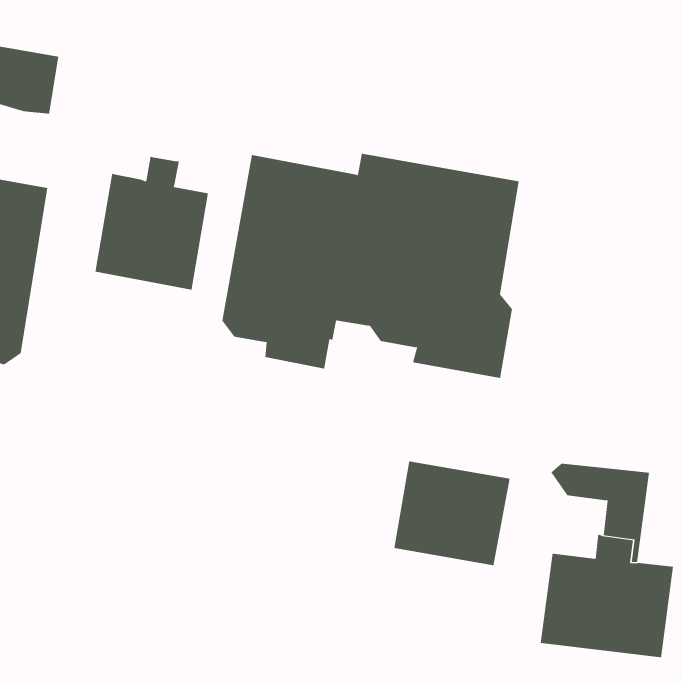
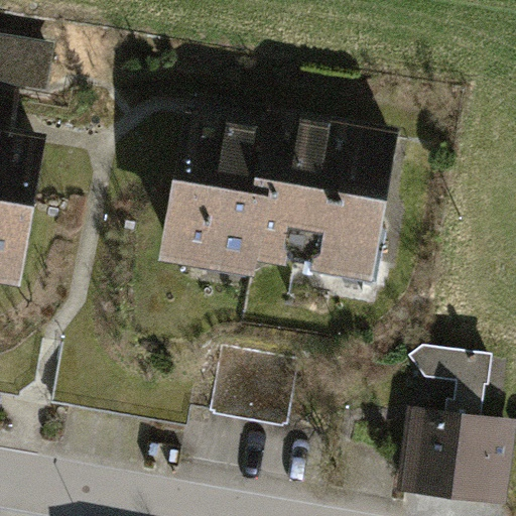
building: [95,156,209,290] -> none
building: [394,461,510,566] -> [210,348,297,426]

